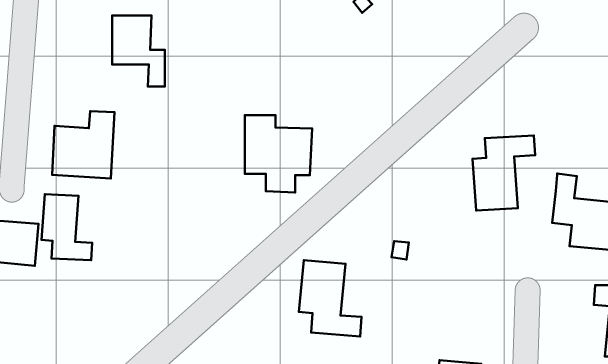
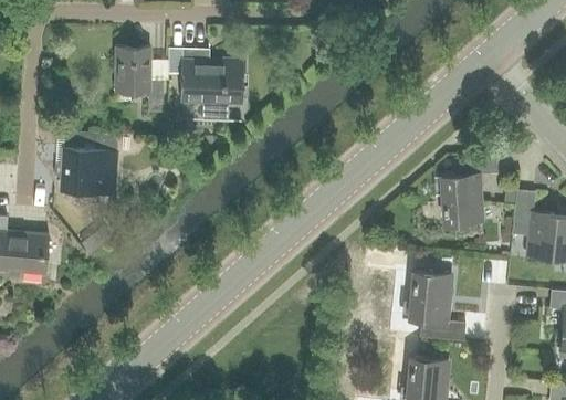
building: [245,115,312,192] -> [182,49,243,118]
building: [42,194,92,260] -> none
building: [299,260,361,336] -> [409,272,465,340]

